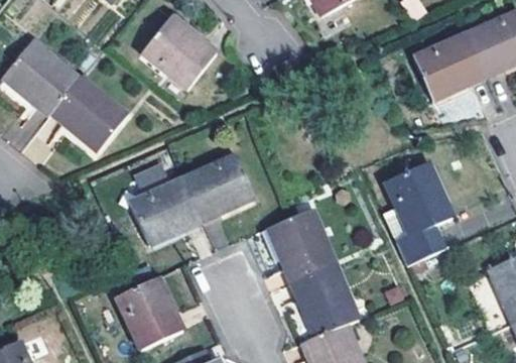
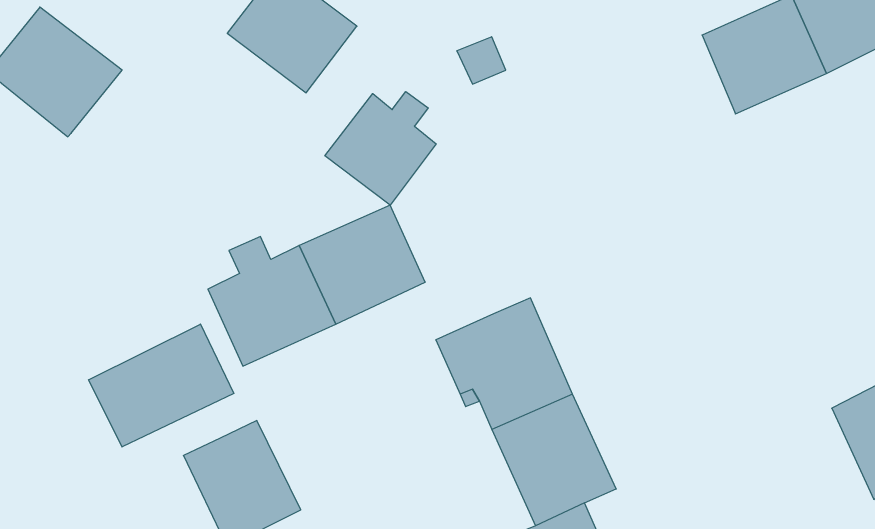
building: [50,74,127,149] -> none
building: none -> [325,92,436,205]
building: [383,163,453,266] -> none
building: none -> [89,324,234,447]

